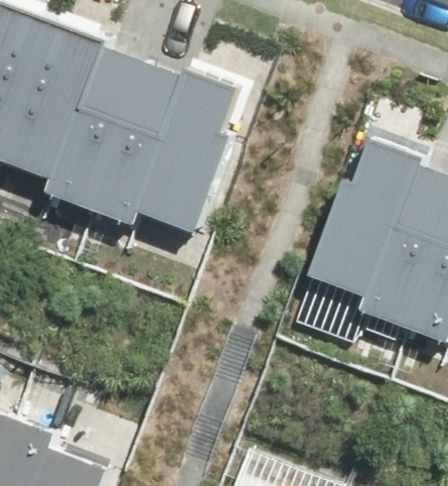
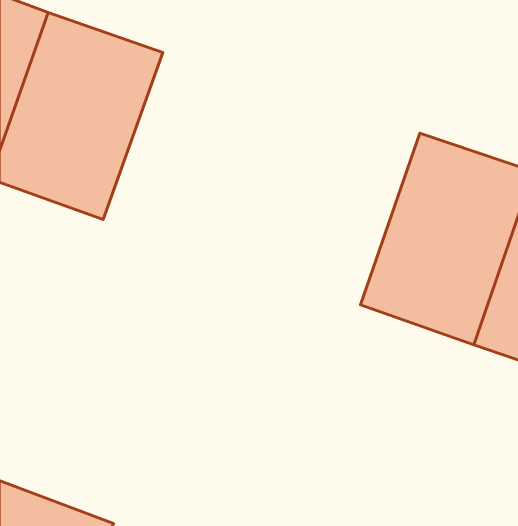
building: [90,62,239,240] -> none

